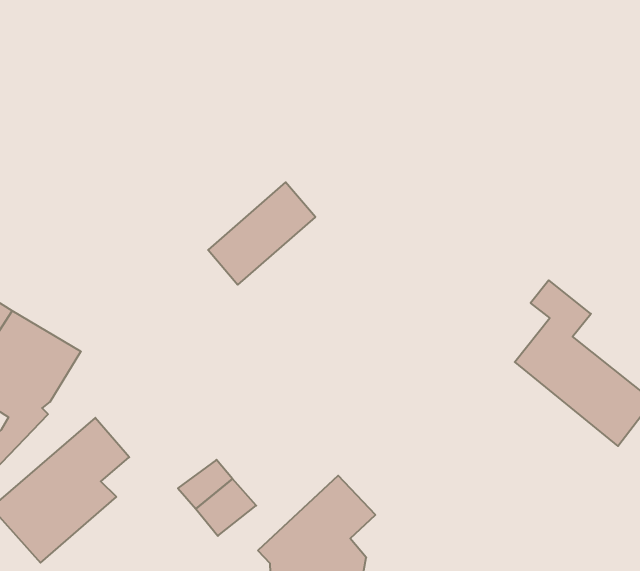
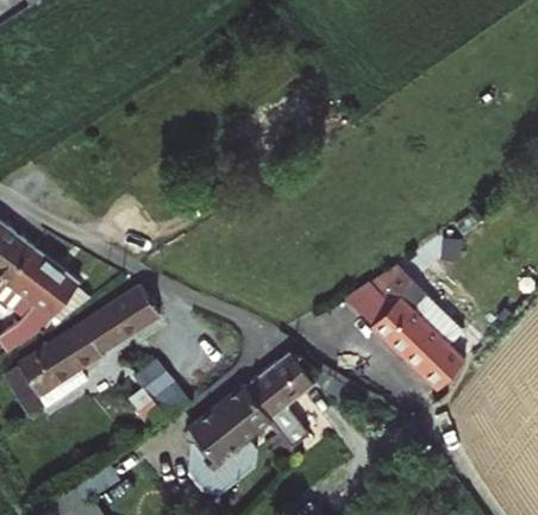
building: [208,182,315,285] -> [82,287,158,353]
building: none -> [346,262,404,322]
building: none -> [244,351,311,446]

